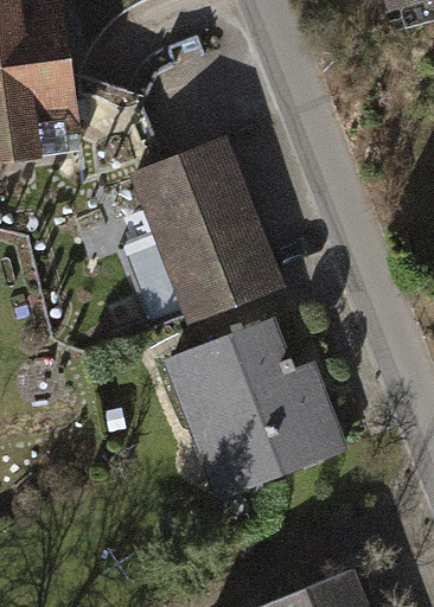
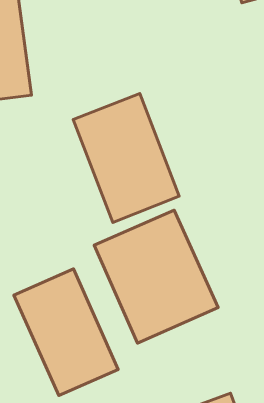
building: none -> [14,269,118,395]

